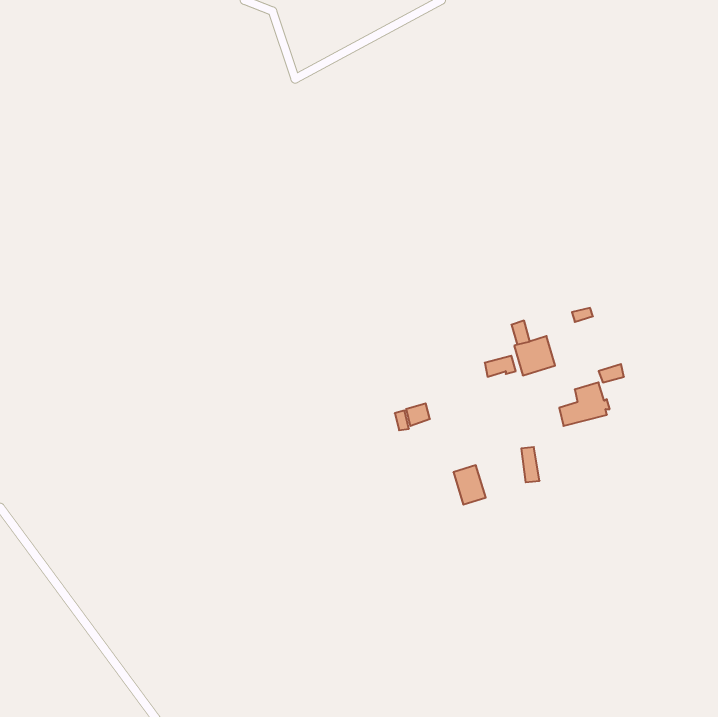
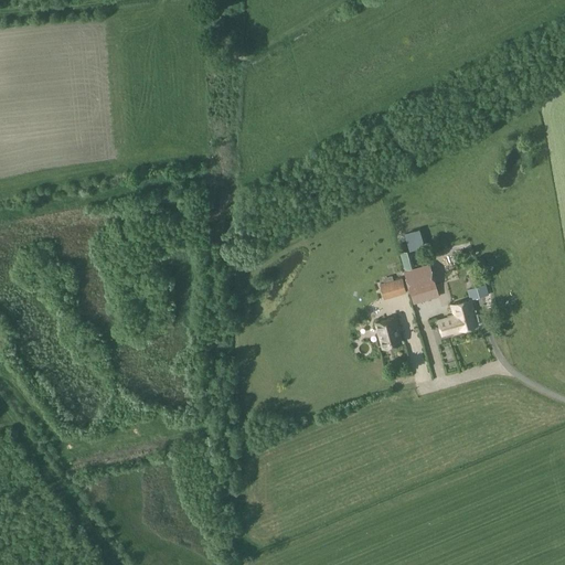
building: [453,465,486,505] -> [375,318,401,349]

